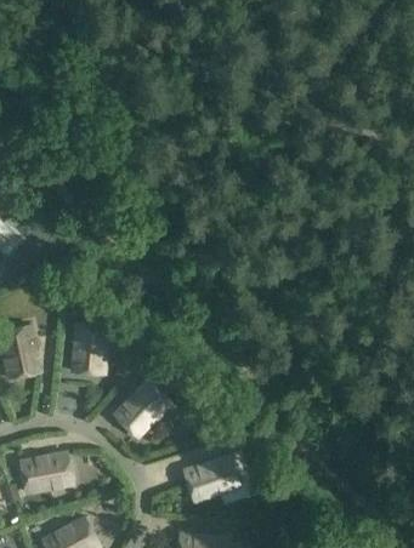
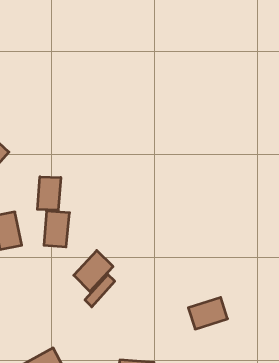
building: none -> [37,177,61,210]
building: [19,451,73,492] -> none
building: [183,455,239,500] -> [188,297,228,329]

